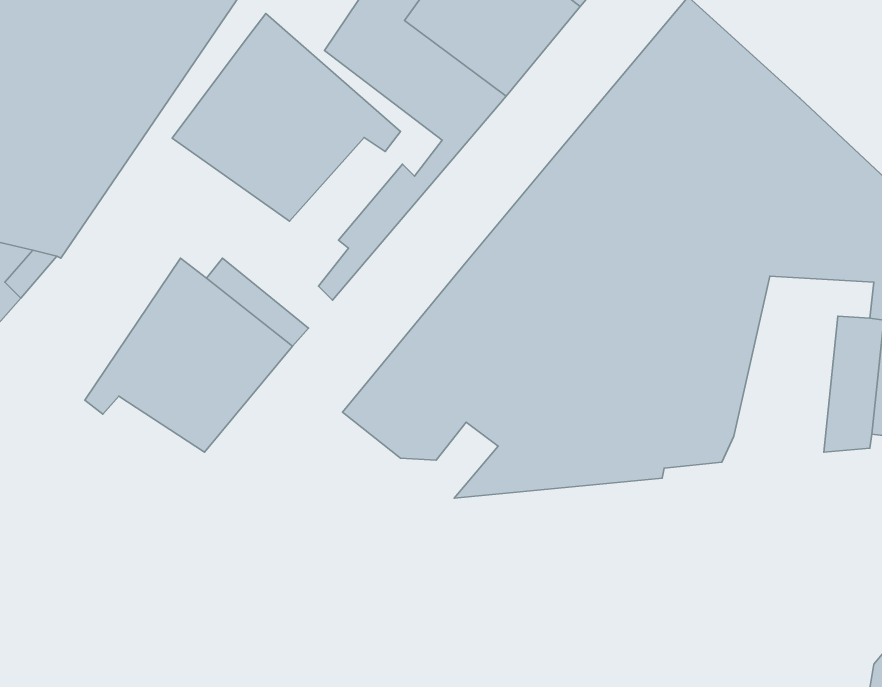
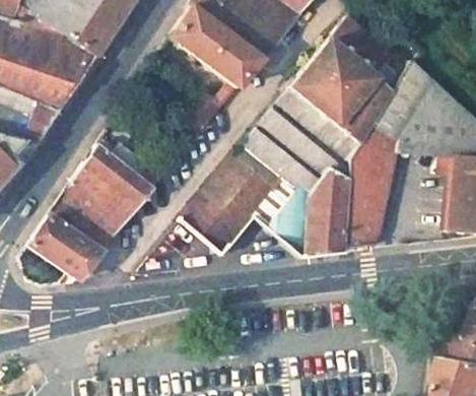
building: [172,13,400,221] -> none
building: none -> [27,212,99,275]

